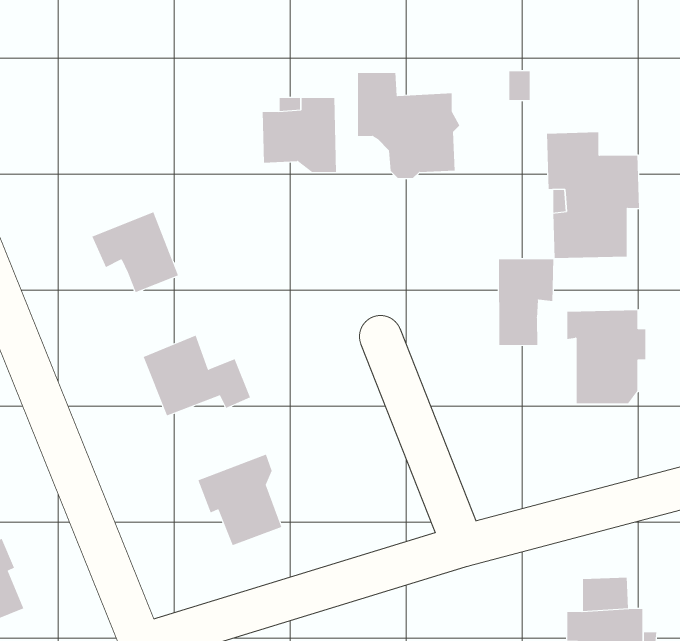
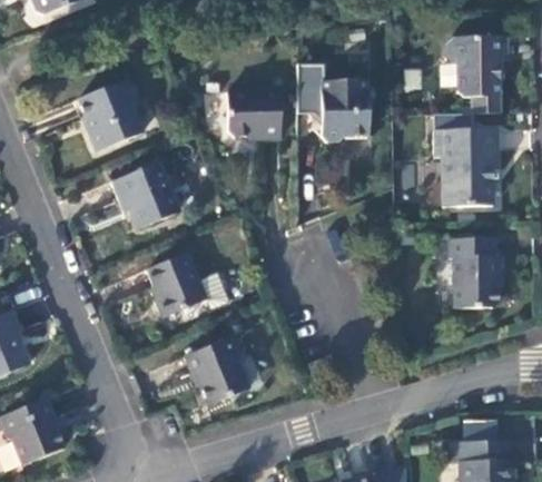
building: none -> [443,36,501,110]
building: none -> [80,82,138,148]
building: [499,258,554,346] -> none

